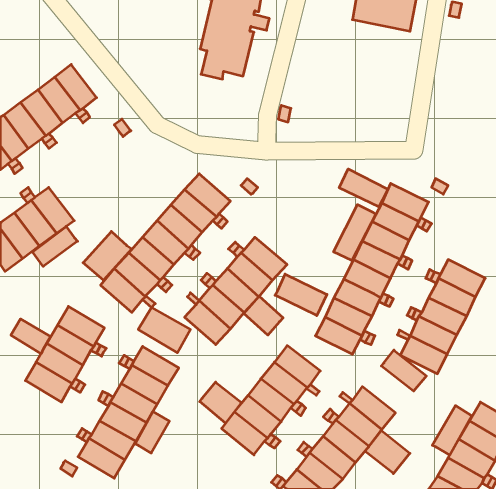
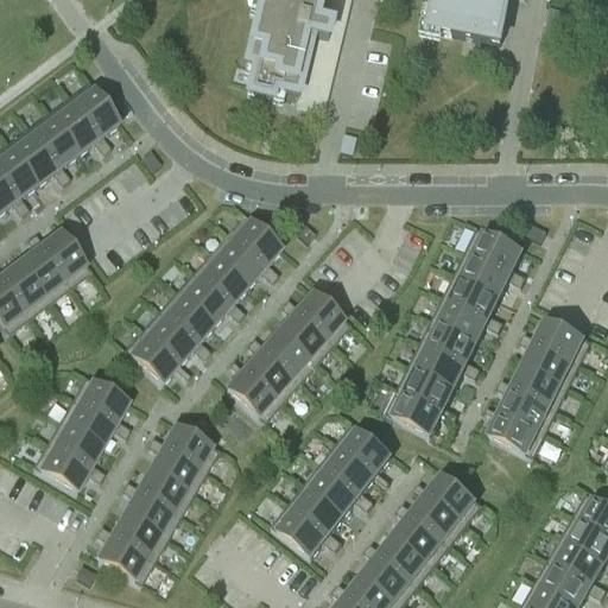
building: [339,169,388,207] -> none
building: [334,205,376,261] -> none
building: [33,226,78,266] -> none
building: [83,231,132,280] -> none
building: [275,274,327,316] -> none
building: [244,296,283,335] -> none
building: [138,307,190,353] -> none
building: [11,319,50,354] -> none
building: [381,350,426,391] -> none
building: [200,382,242,423] -> none
building: [432,406,472,455] -> none
building: [135,411,169,453] -> none
building: [365,431,410,474] -> none

